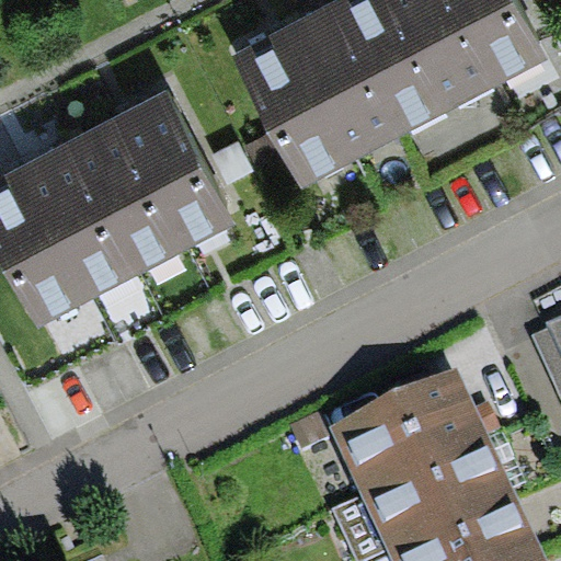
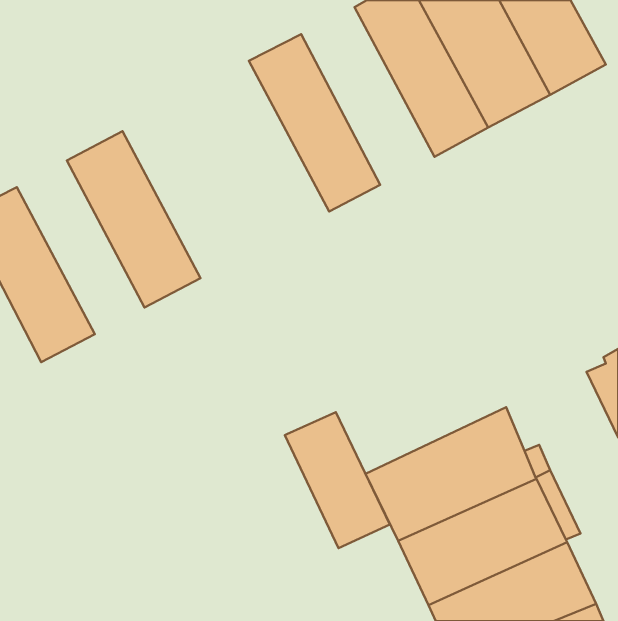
building: [272,7,392,167] -> none
building: [111,89,237,251] -> none
building: [15,145,130,301] -> none
building: none -> [285,412,390,548]

